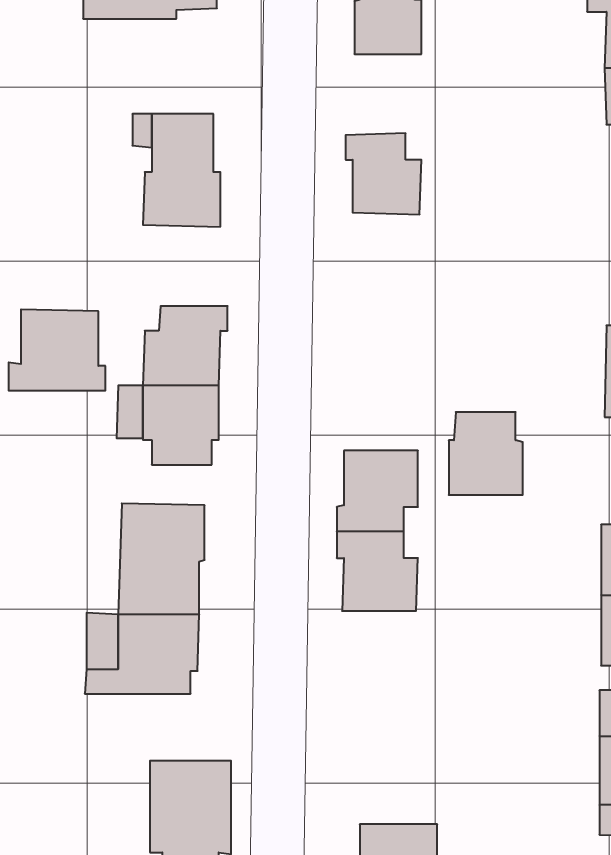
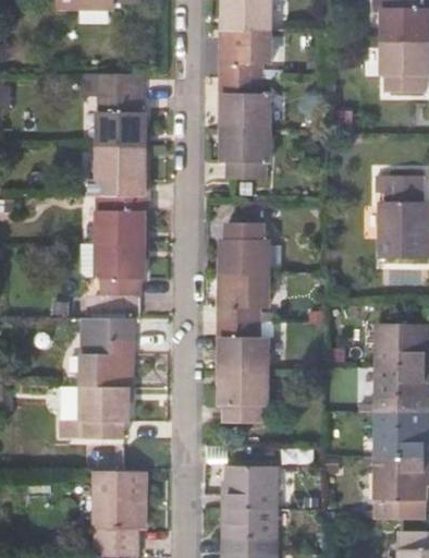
building: none -> [220,35,267,85]
building: none -> [224,133,266,184]
building: [9,309,105,391] -> [87,141,147,191]
building: [449,412,523,495] -> [219,229,265,280]
building: none -> [218,379,263,430]
building: none -> [223,471,277,511]

